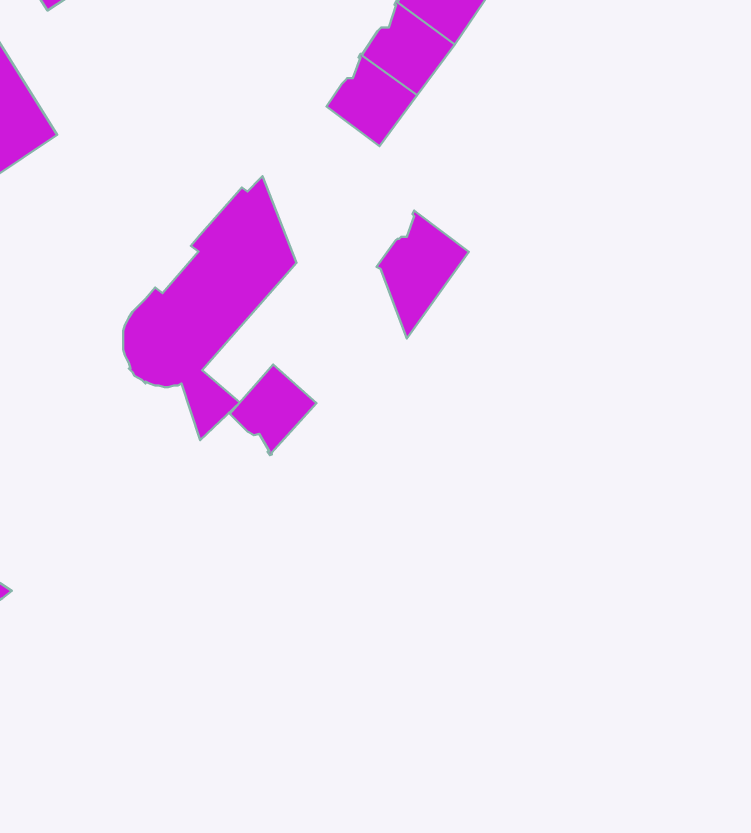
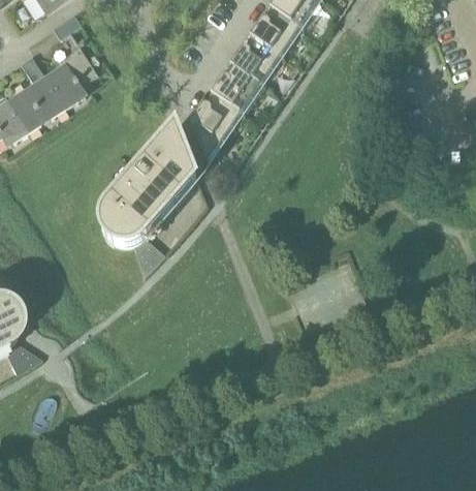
building: none -> [43,45,97,108]
building: [377,210,469,339] -> [190,91,241,161]
building: [230,364,317,455] -> none

